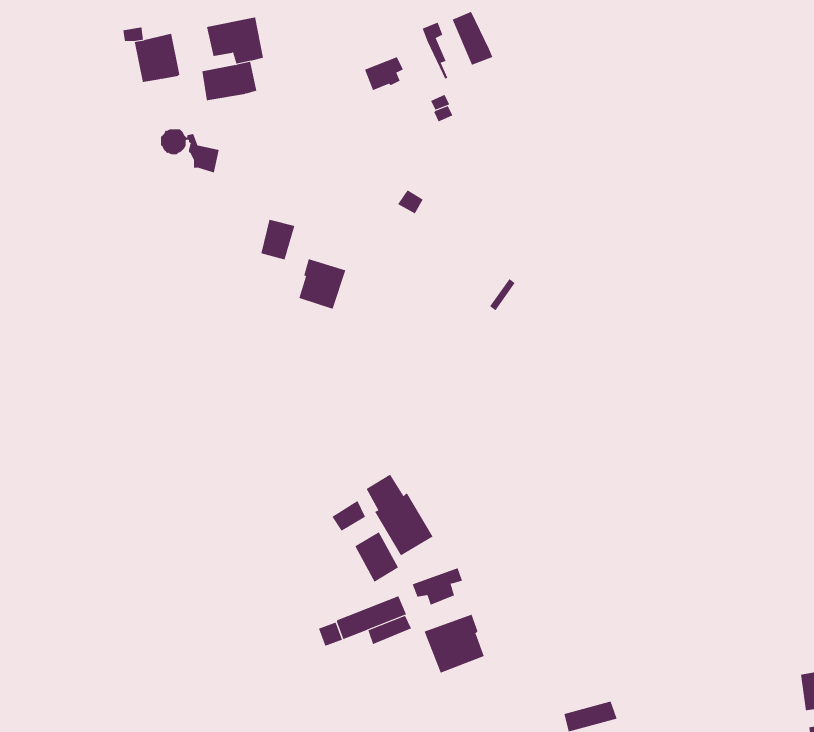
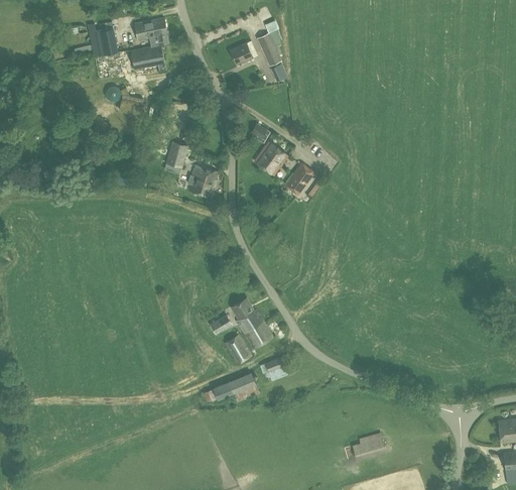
building: [452,11,493,66] -> [256,32,281,66]
building: none -> [254,141,287,174]
building: none -> [283,161,314,195]
building: [424,614,484,673] -> none

